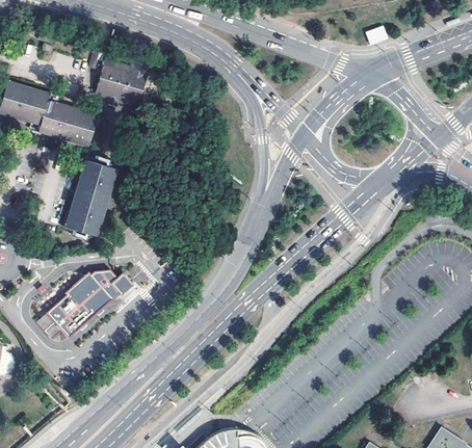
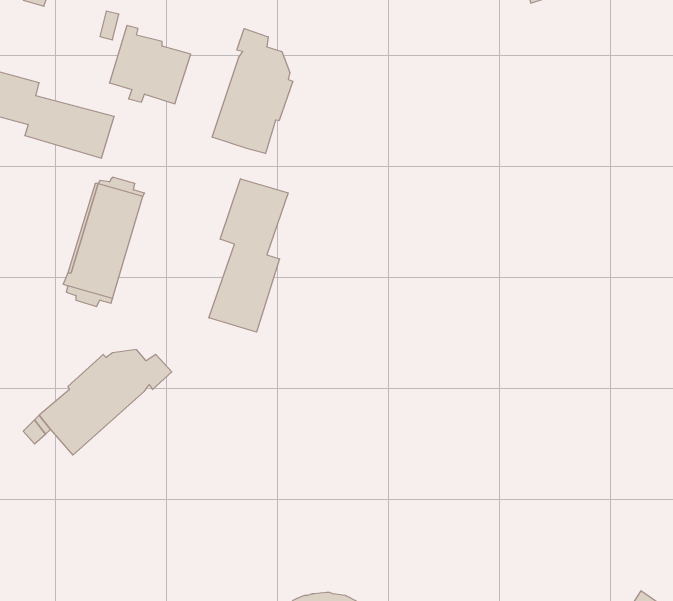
building: none -> [212,29,293,154]
building: none -> [209,179,288,332]

